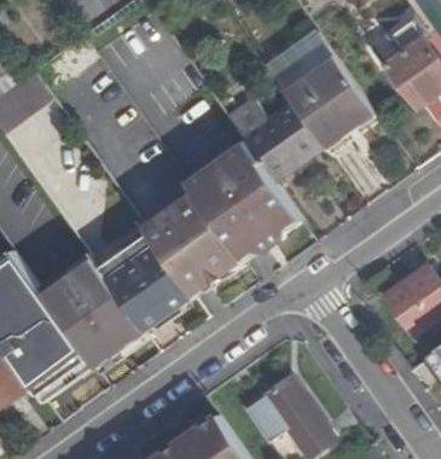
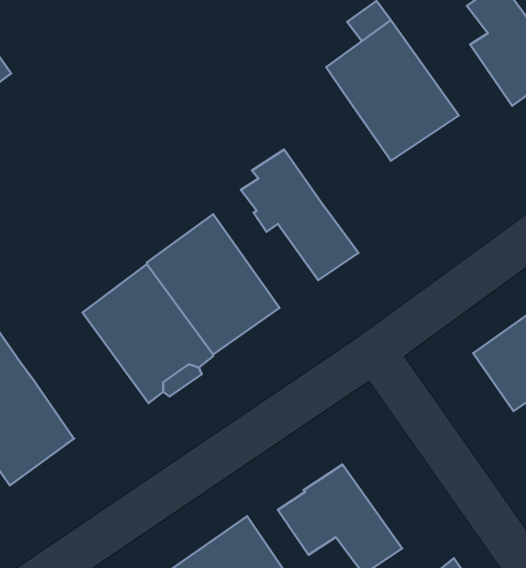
building: [225,99,321,181] -> none
building: [185,157,269,260] -> none
building: [41,257,143,366] -> none

